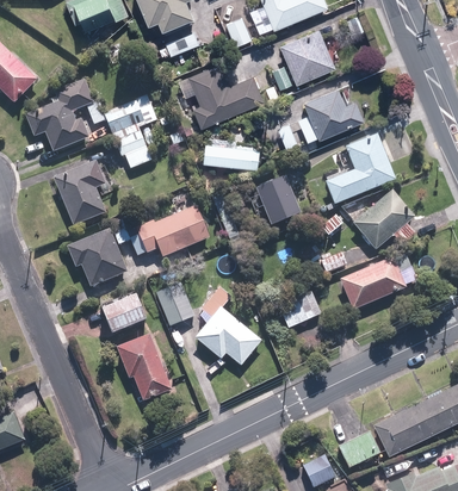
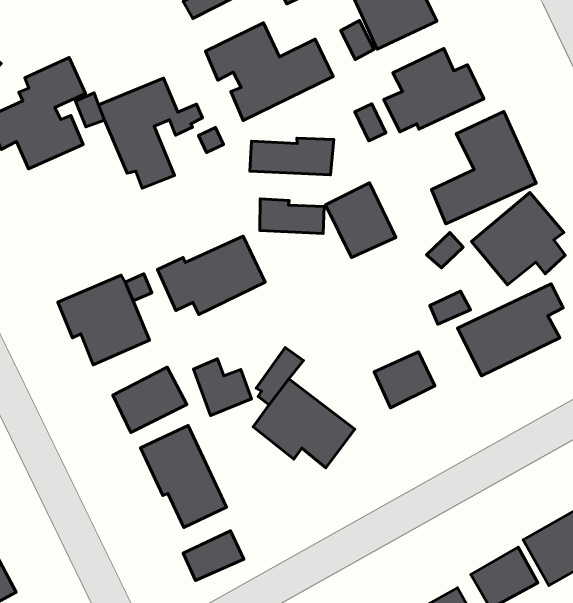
building: [54,160,106,228] -> none
building: none -> [260,199,324,233]
building: none -> [183,531,244,580]

